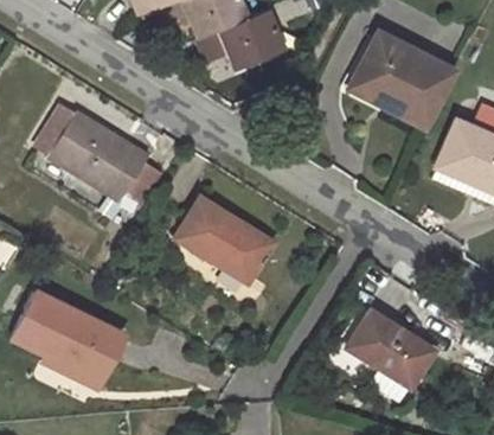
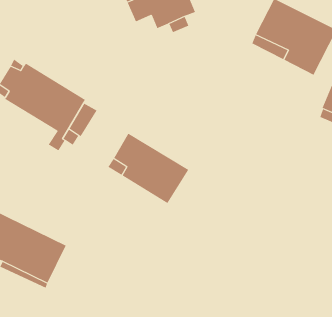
building: [346,308,434,401] -> none

